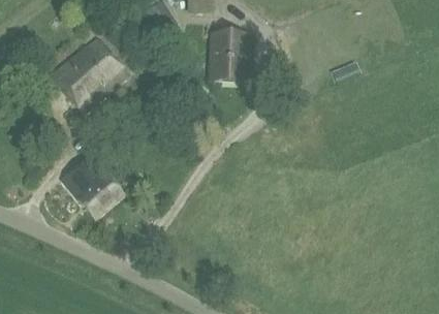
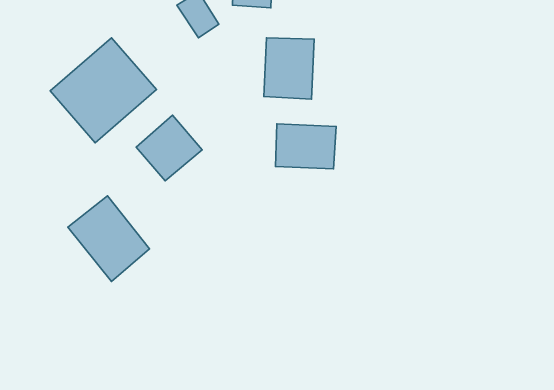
building: none -> [136,115,202,181]
building: none -> [275,124,336,169]

